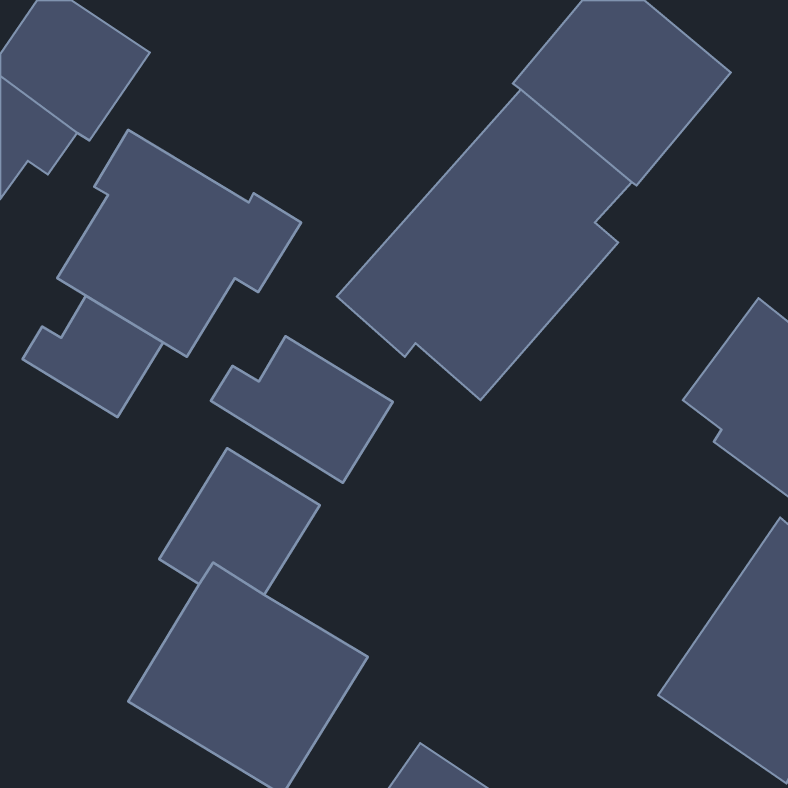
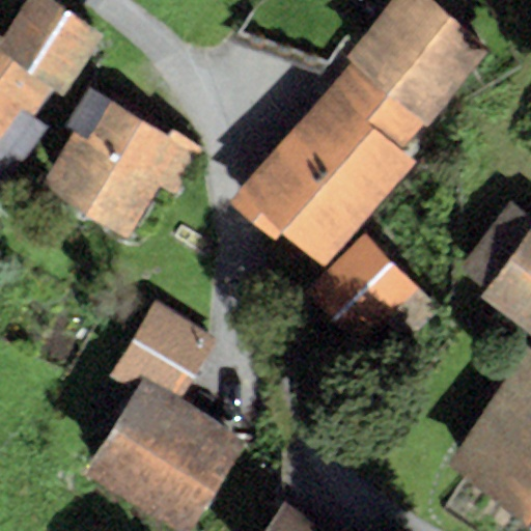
building: [23,296,163,417] -> none
building: [211,336,393,483] -> none
building: none -> [305,233,441,346]

